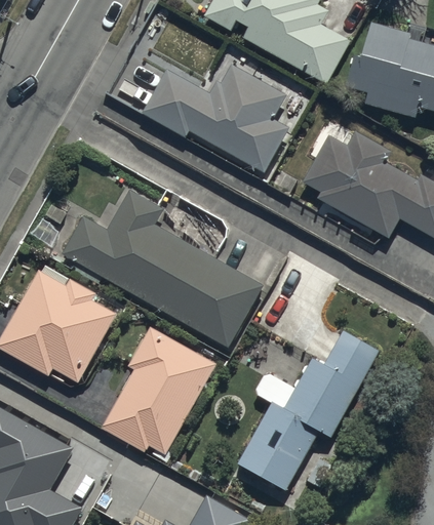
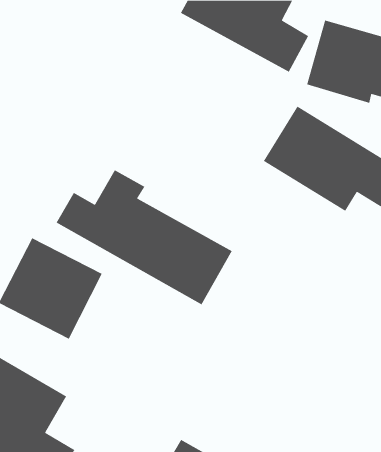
building: [144,62,291,175] -> none
building: [97,328,220,461] -> none
building: [235,333,379,497] -> none

